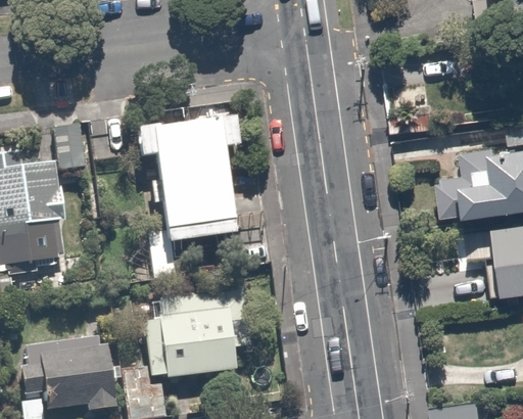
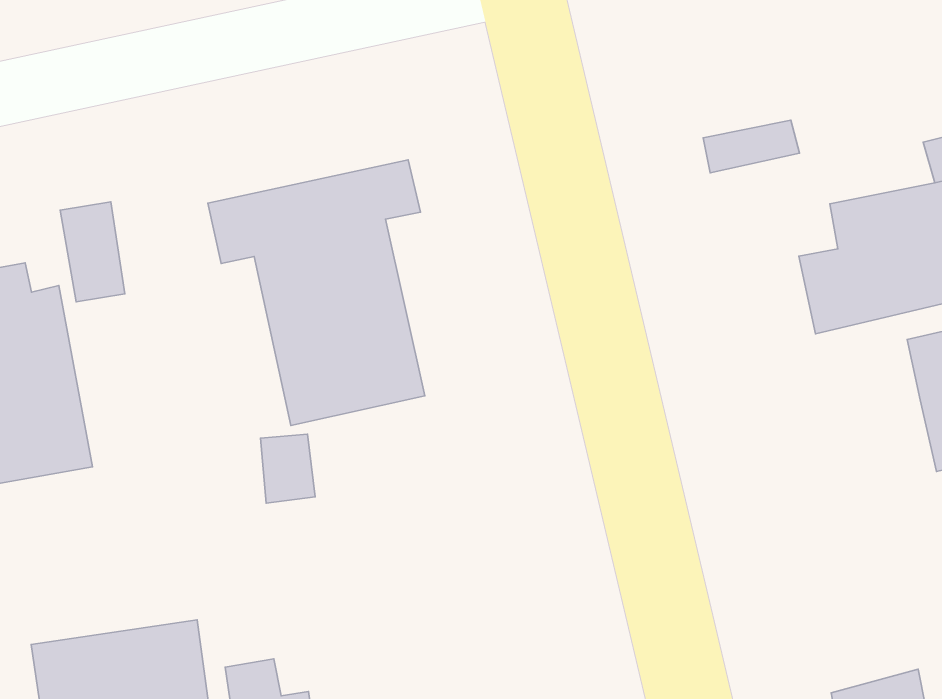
building: [147,291,244,377] -> none

